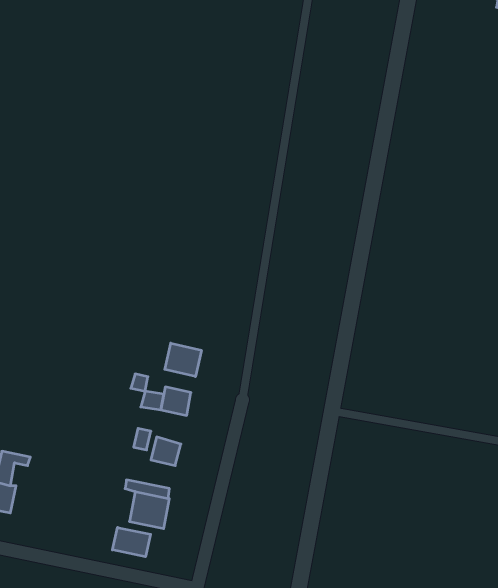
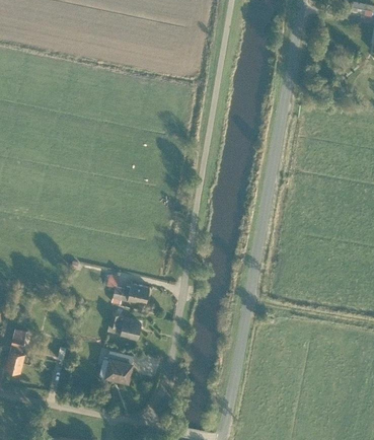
building: [165,343,201,377] -> none
building: [112,527,151,557] -> none

